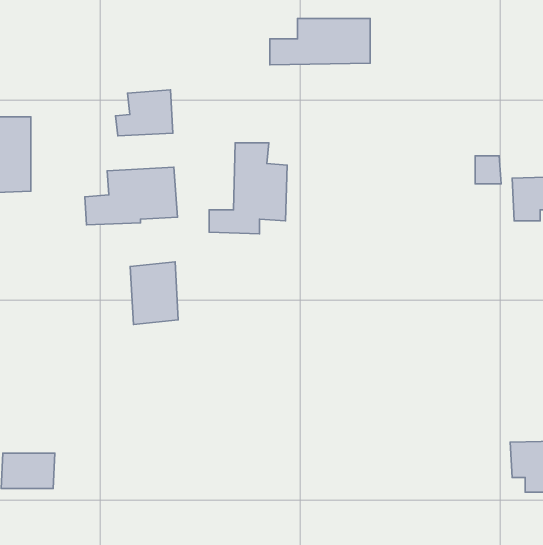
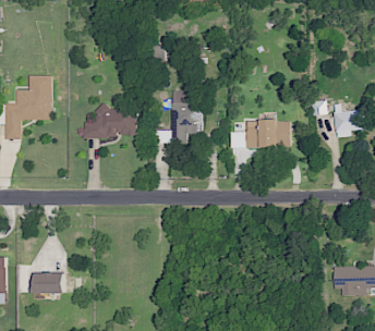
building: [270,19,370,65] -> [230,120,289,147]
building: [115,90,173,136] -> none
building: [130,262,178,325] -> none

